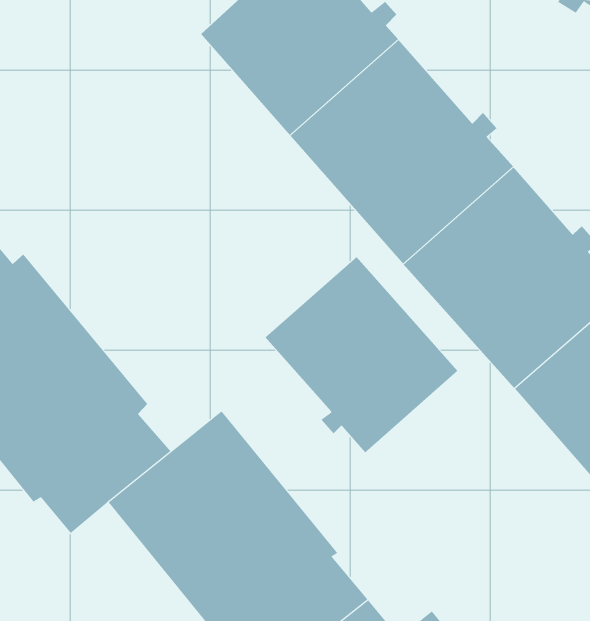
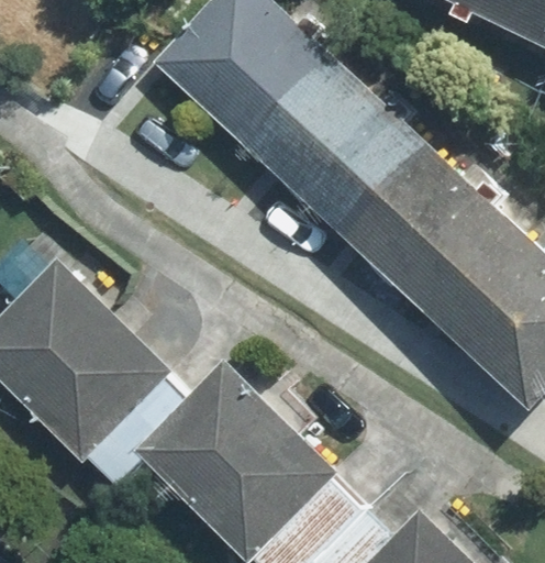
building: [265,256,458,453] -> none

